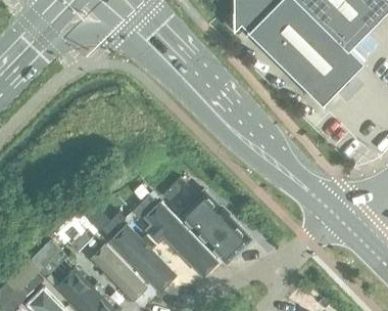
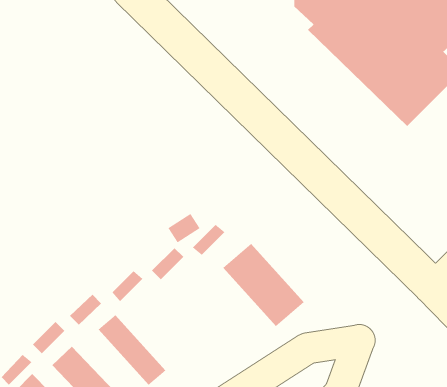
building: [148,207,212,271] -> none
building: [113,226,176,291] -> none

